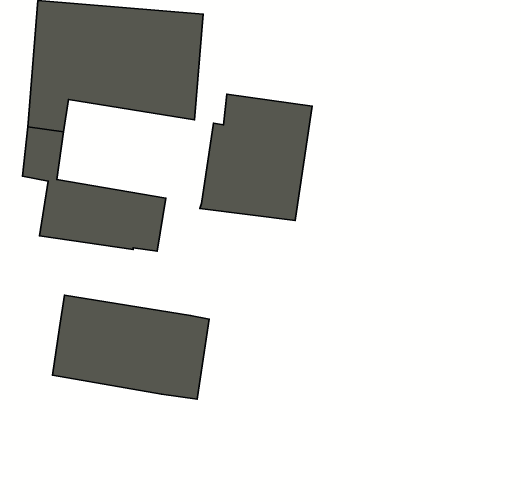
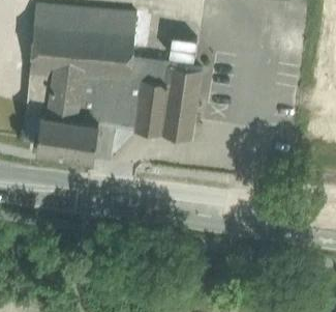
building: [53,295,209,399] -> [48,66,143,130]

